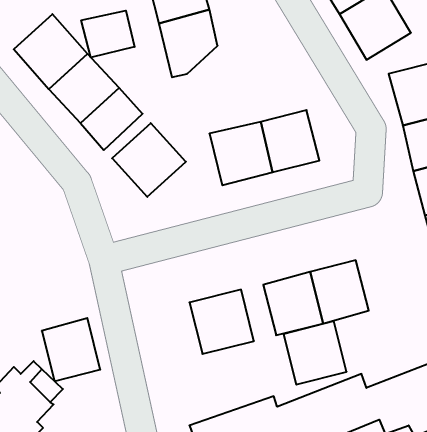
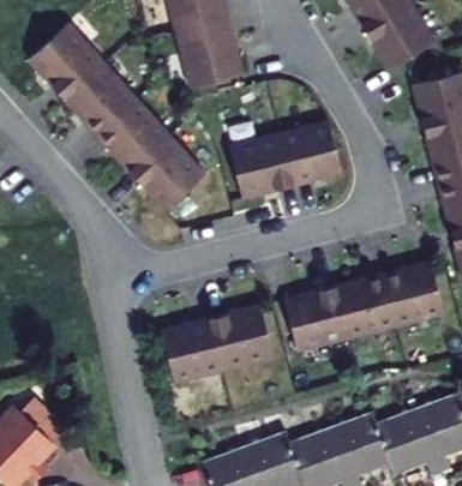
building: [81,11,135,57] -> none
building: [42,318,100,381] -> [162,320,222,385]
building: [283,321,347,385] -> [379,264,444,329]

